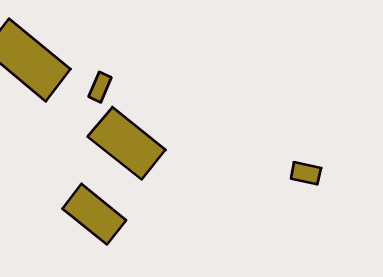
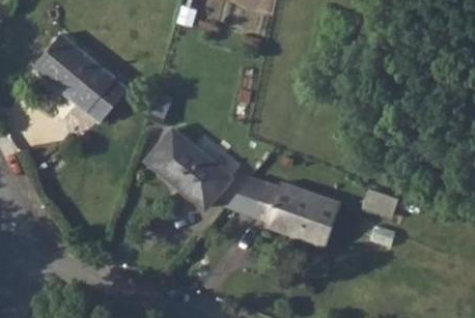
building: none -> [225,177,340,247]
building: [62,184,126,244] -> none

